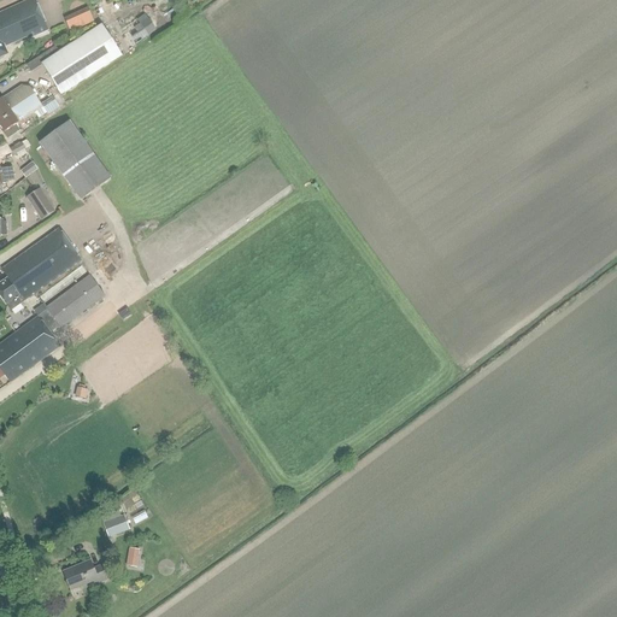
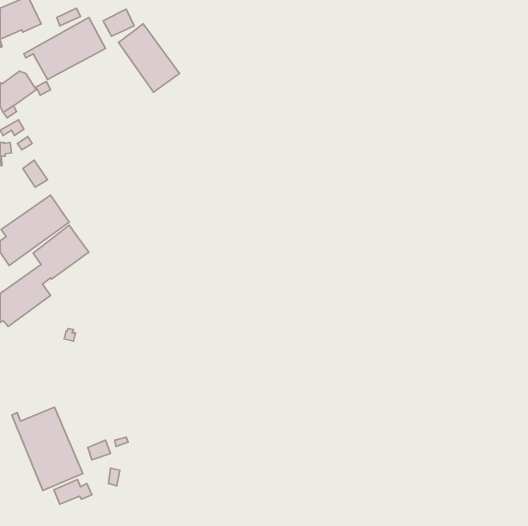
building: [40,119,111,199] -> [118,24,179,92]
building: none -> [12,407,83,491]

